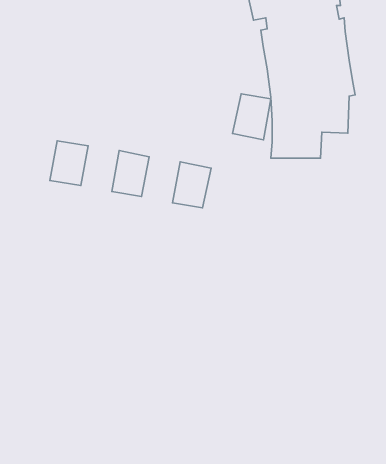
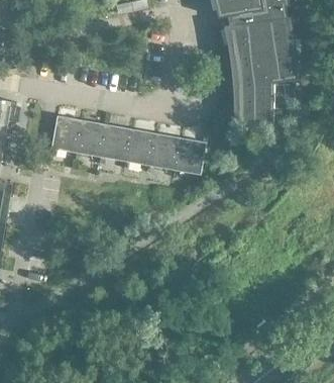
building: [232,94,271,140] -> [176,137,207,175]
building: none -> [77,119,108,157]
building: none -> [126,128,157,166]

